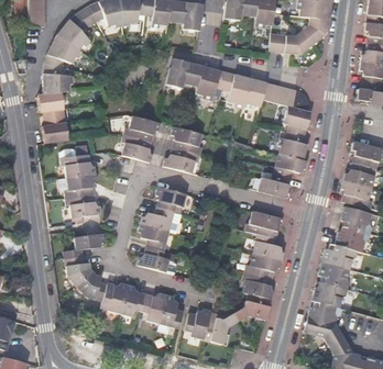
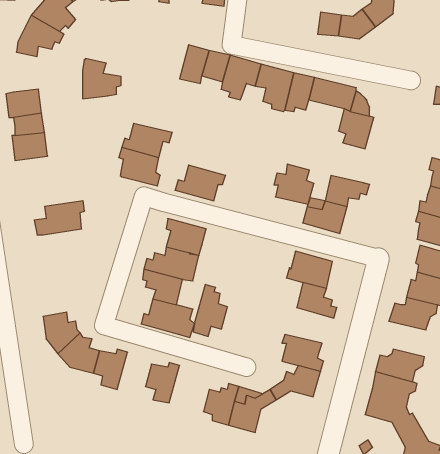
building: [43,64,72,93] -> [83,59,121,99]
building: [172,127,201,155] -> none
building: [277,131,307,160] -> [274,164,314,204]
building: [61,145,95,178] -> none
building: [65,194,100,224] -> none
building: [64,234,103,259] -> none
building: [244,253,281,279] -> none
building: [318,262,350,289] -> none
building: [120,286,145,316] -> none
building: [157,295,183,334] -> [193,284,227,336]

